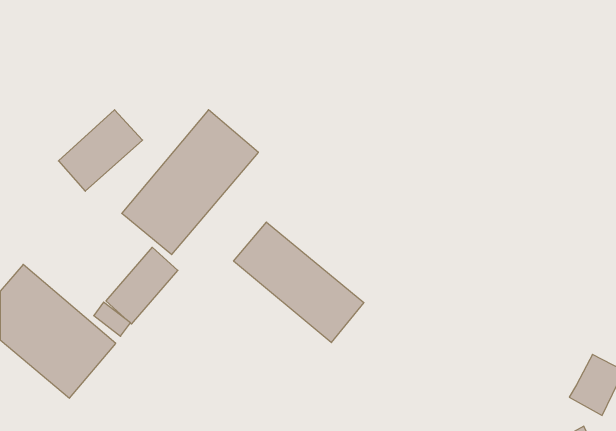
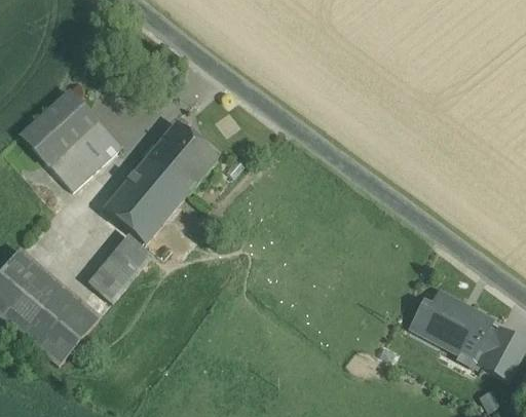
building: none -> [22,90,97,163]
building: [234,222,364,343] -> none
building: none -> [411,292,497,353]

